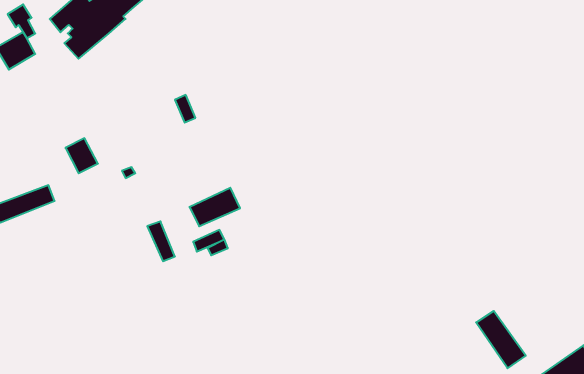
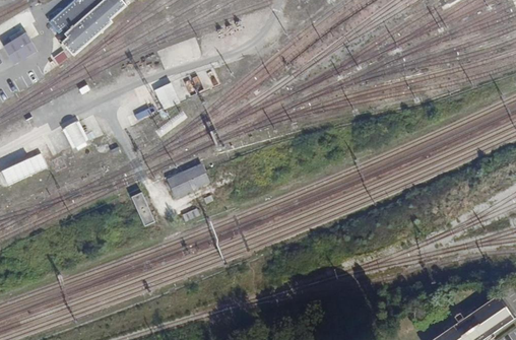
building: [476,311,526,368] -> none

